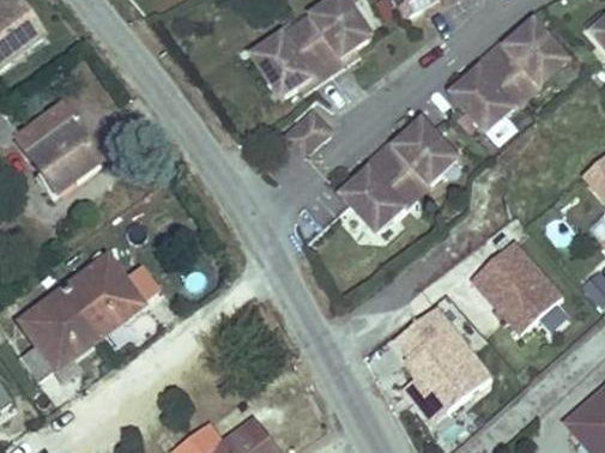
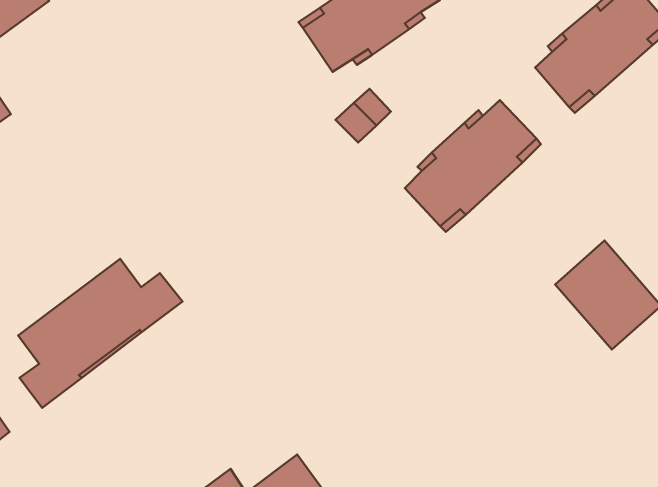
building: [14,99,96,191] -> none
building: [391,309,486,425] -> none

